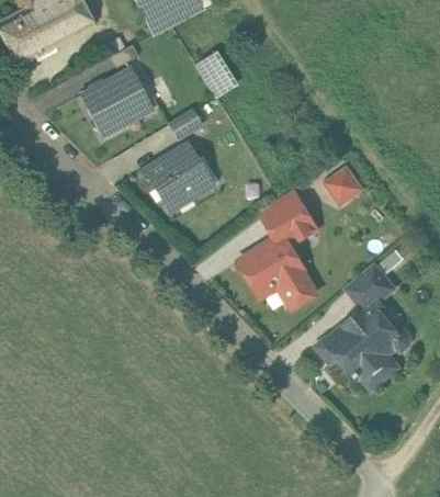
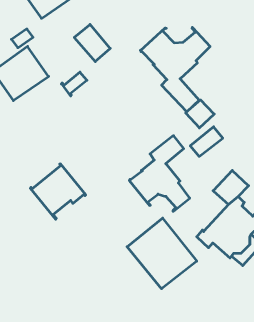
building: none -> [140,27,210,112]
building: [143,142,214,213] -> [30,164,86,219]
building: [260,193,304,229] -> [190,127,223,156]
building: none -> [127,218,197,289]

